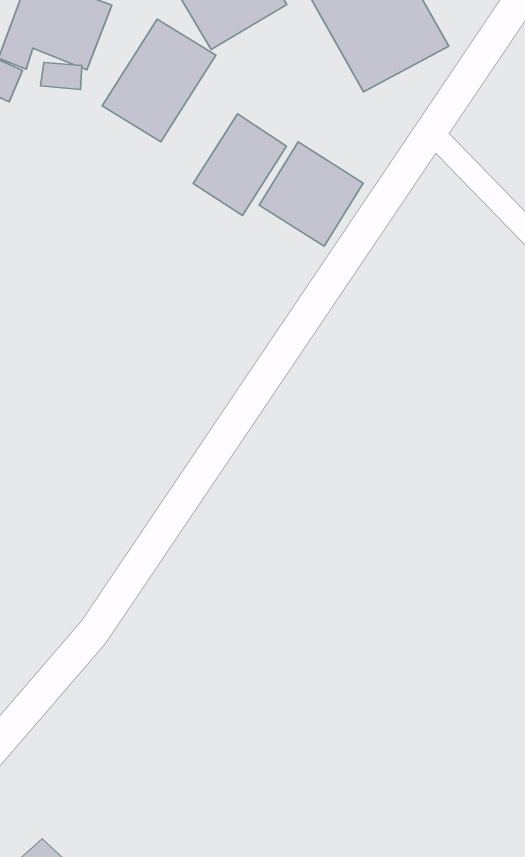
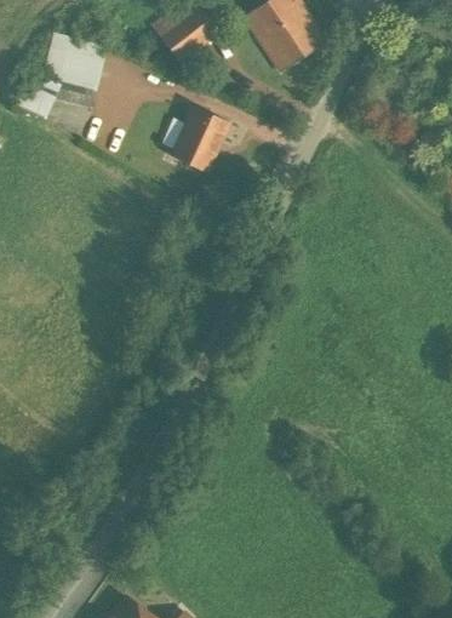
building: [102,19,216,142] -> none
building: [259,142,363,246] -> none

